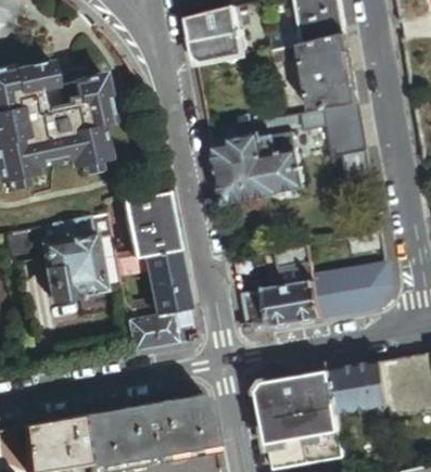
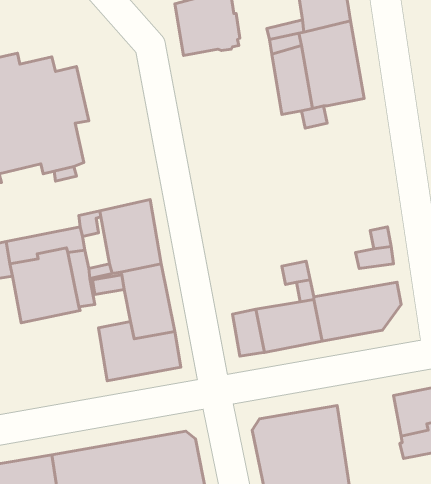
building: [325,102,367,154] -> none
building: [214,132,304,204] -> none
building: [333,363,391,414] -> none

